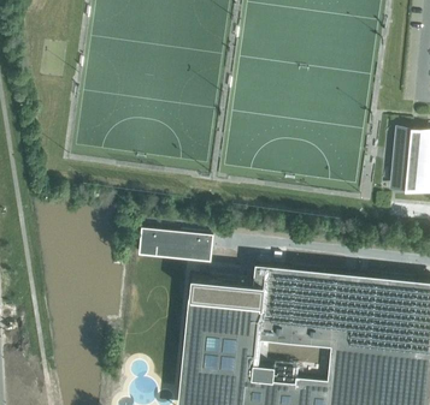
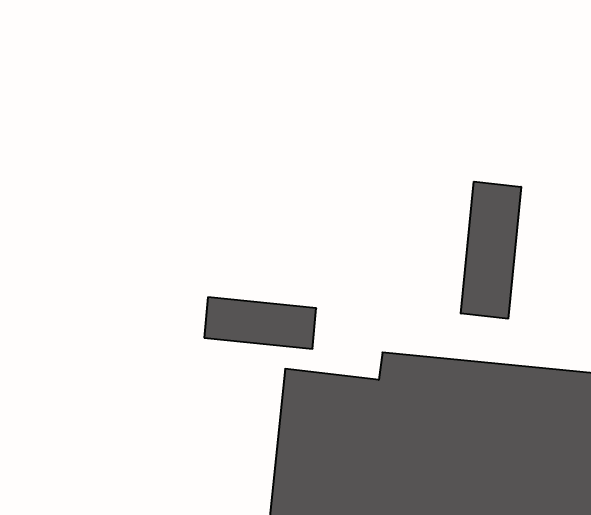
building: none -> [461,182,521,319]

